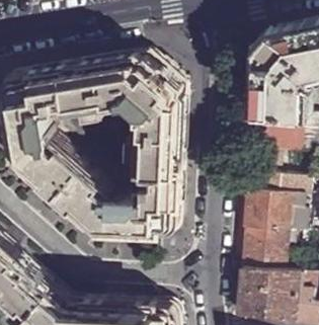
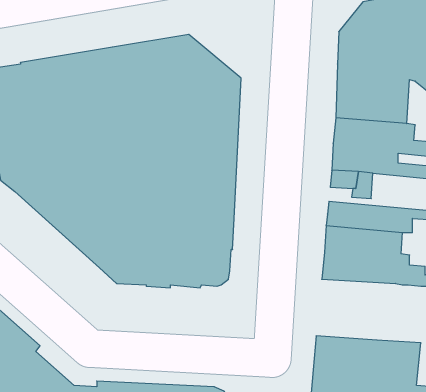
building: [238,231,295,274] -> none

